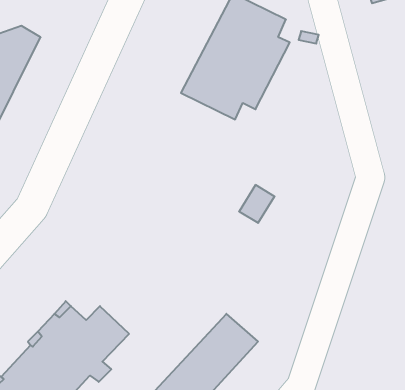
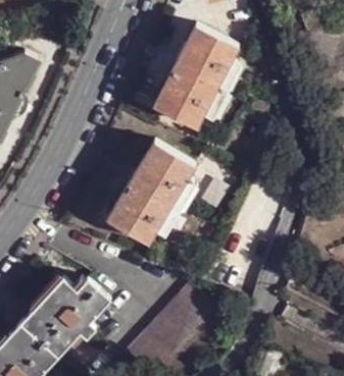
building: none -> [106,141,195,244]

